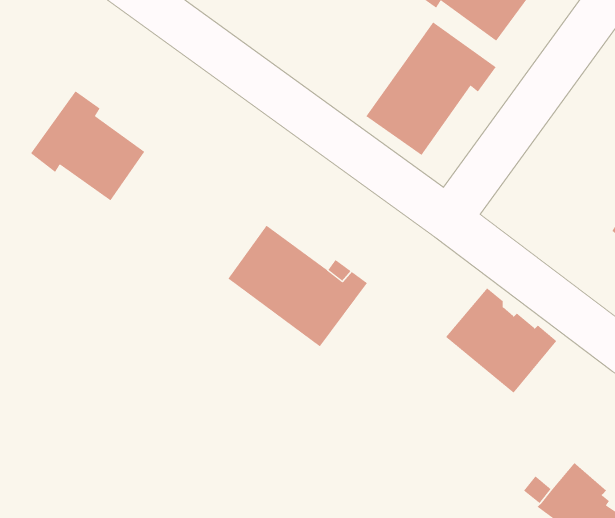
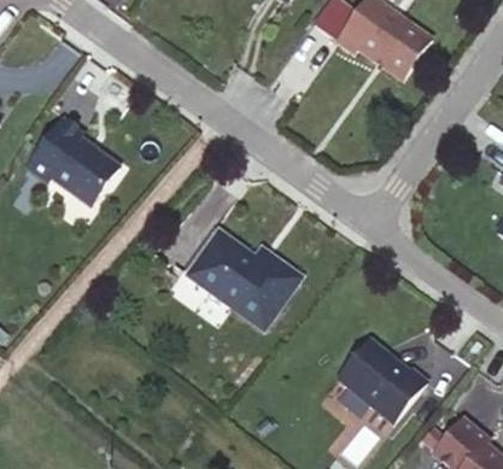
building: [365,21,496,156] -> none
building: [445,288,557,394] -> [332,336,422,422]

